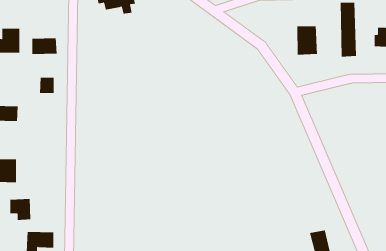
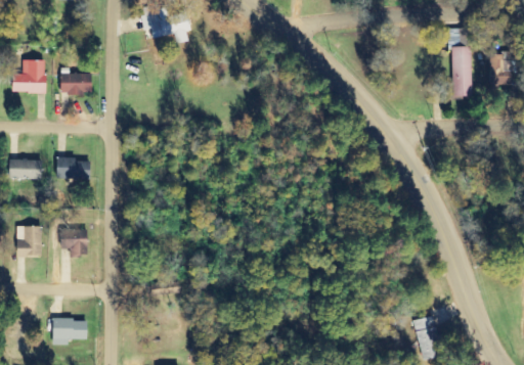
building: [297,25,317,55] -> none
building: [39,77,54,93] -> [56,157,76,178]
building: [10,199,31,220] -> [60,229,88,257]

